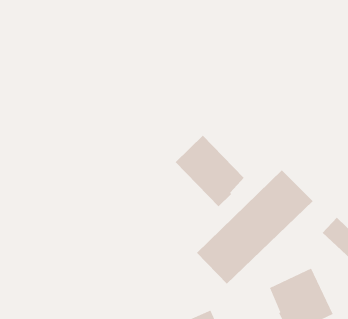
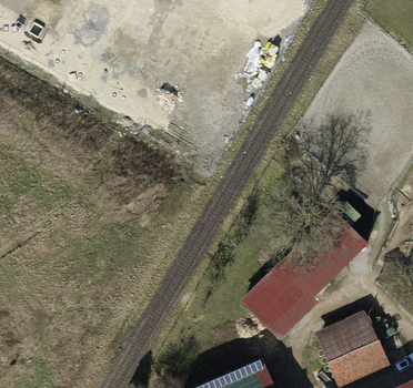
building: [175,135,245,207] -> none

